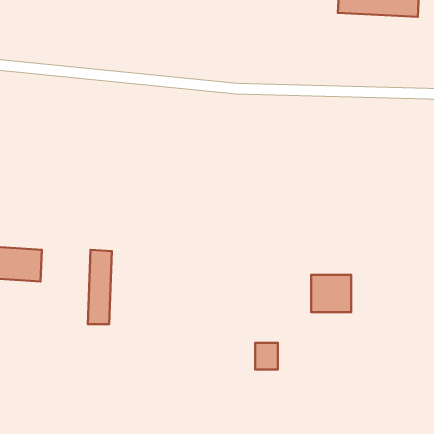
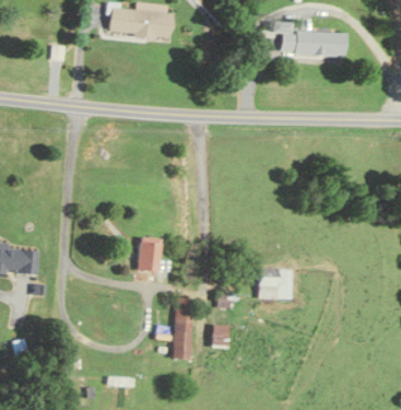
building: none -> [137,238,161,272]
building: [88,250,112,324] -> [173,298,192,360]

